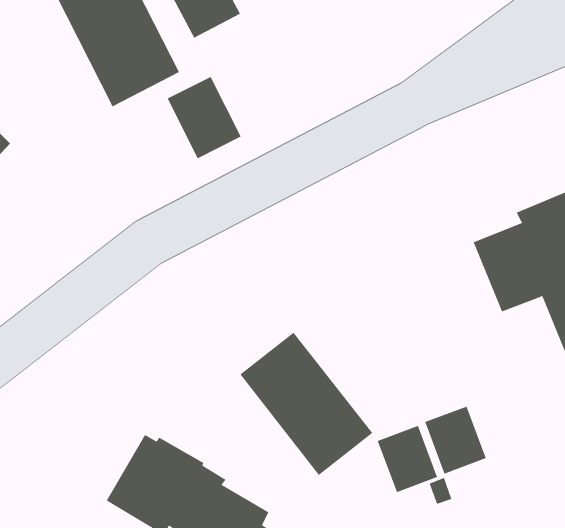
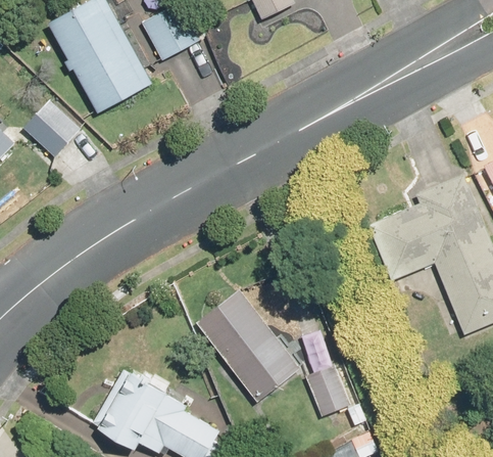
building: [167,76,241,159] -> none
building: none -> [21,100,79,157]
building: [424,406,487,475] -> none

